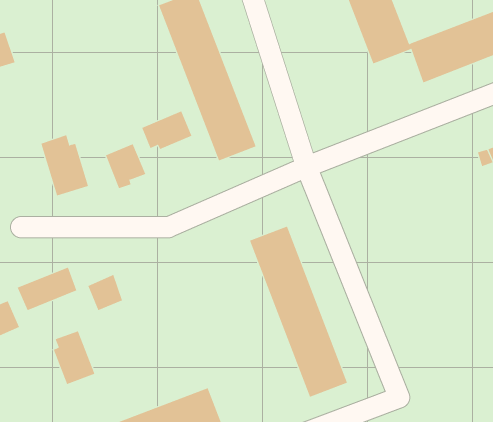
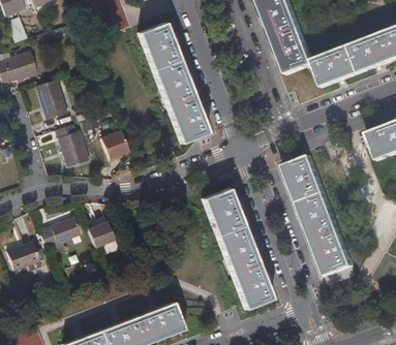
building: none -> [34,80,66,120]
building: [142,110,192,150] -> none
building: none -> [284,156,354,276]
building: [53,330,95,385] -> none

